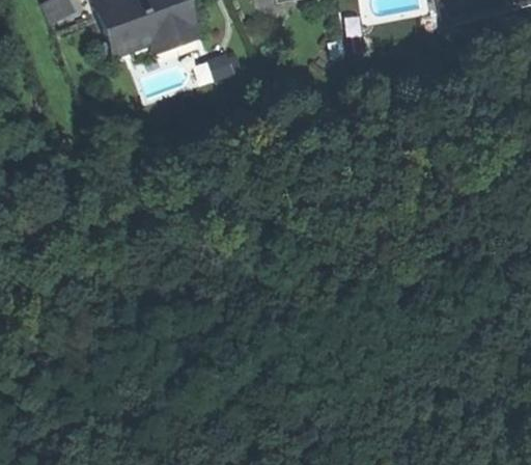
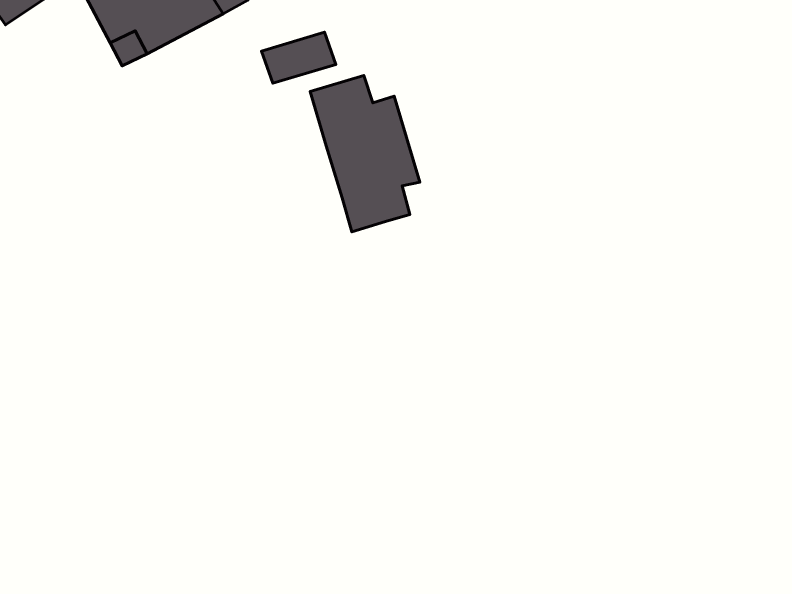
building: none -> [310,75,420,232]

